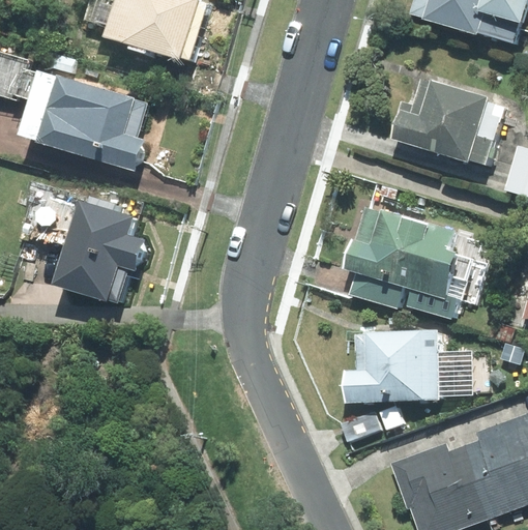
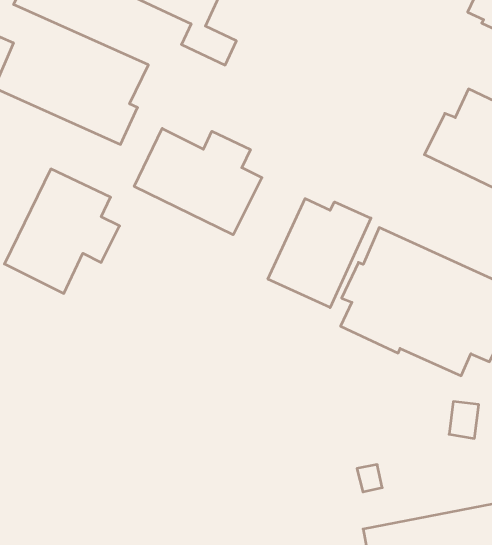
building: none -> [134,128,262,235]
building: none -> [268,199,371,308]
building: [345,329,440,403] -> none

